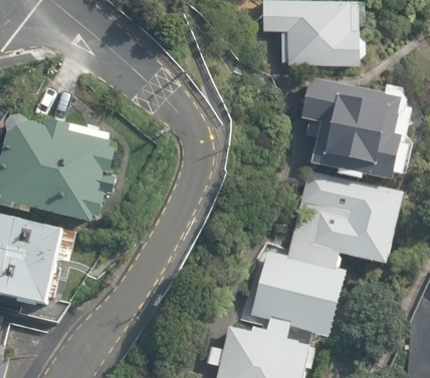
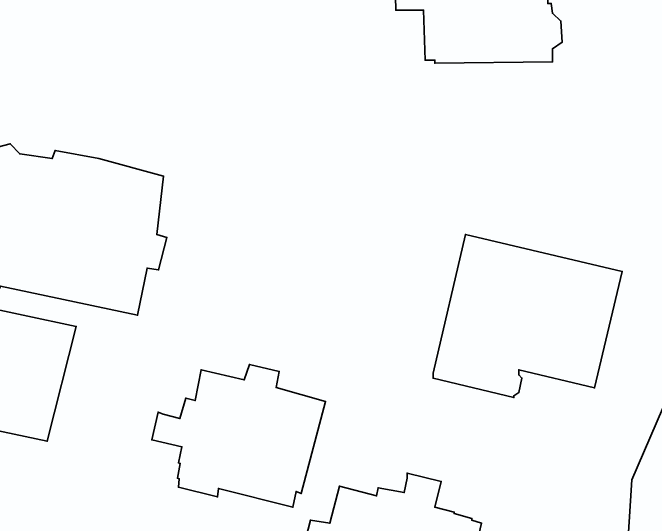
building: [299,78,412,182] -> none
building: none -> [152,365,325,507]
building: [249,252,345,347] -> none

